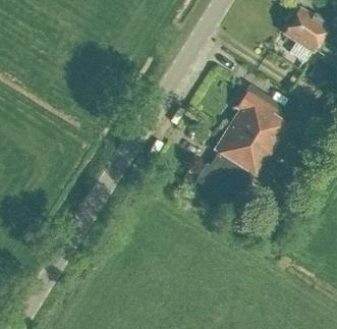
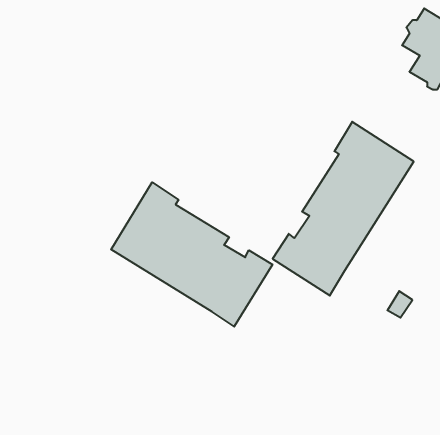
building: none -> [111,182,272,327]

